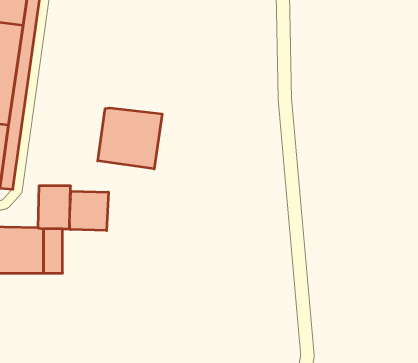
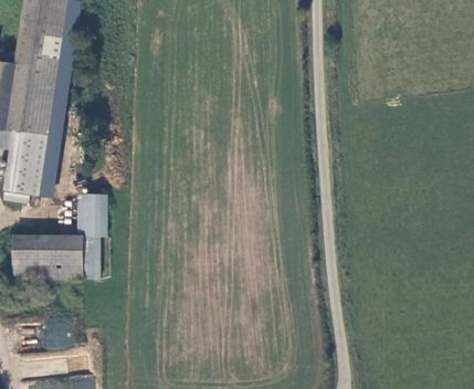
building: [98,108,162,169] -> none
building: [70,191,108,231] -> none

